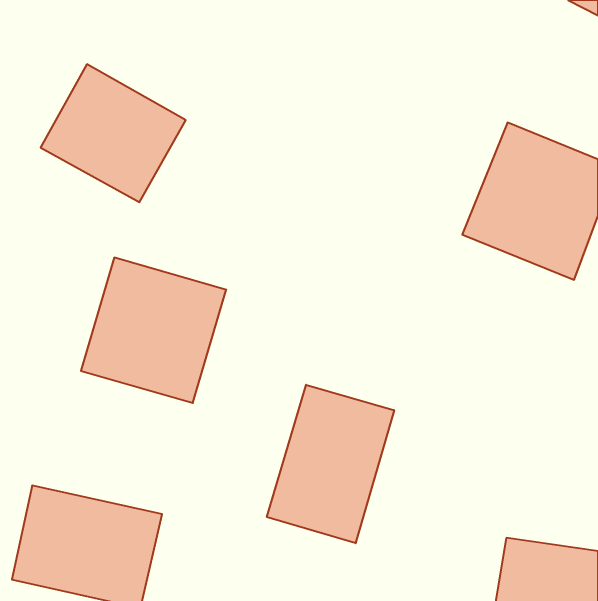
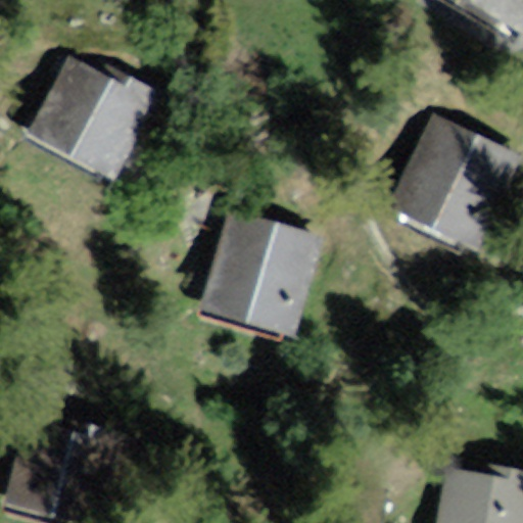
building: [81,258,226,403] -> [191,216,316,340]
building: [267,385,394,543] -> none

